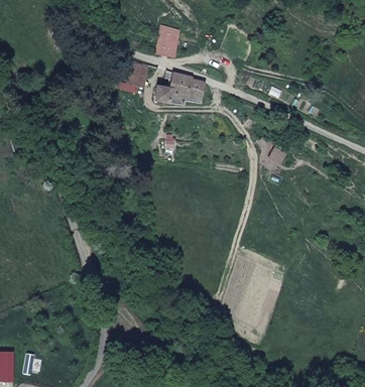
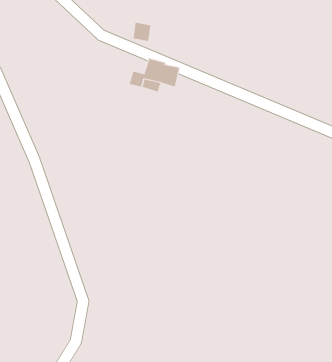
building: [125,60,147,86] -> none

